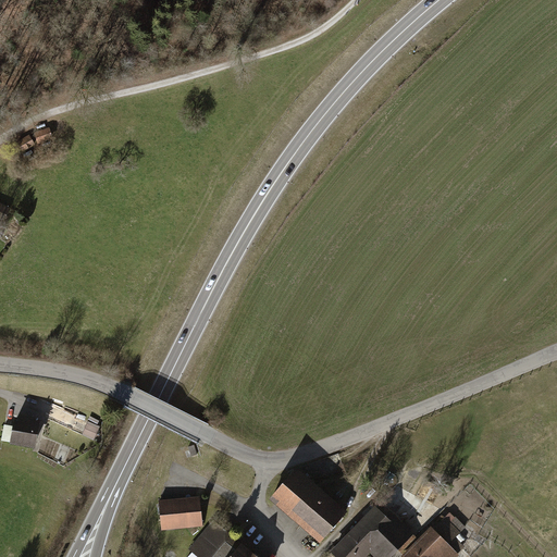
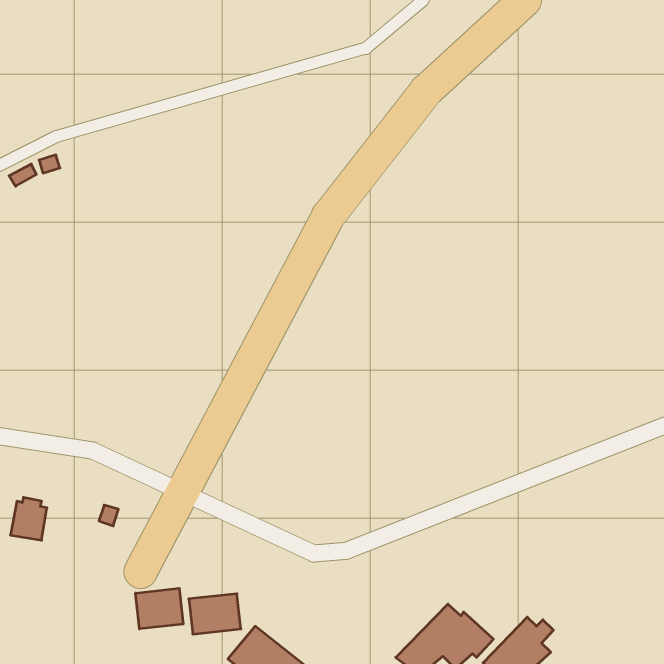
building: [272,473,344,542] -> none
building: none -> [136,588,183,629]

